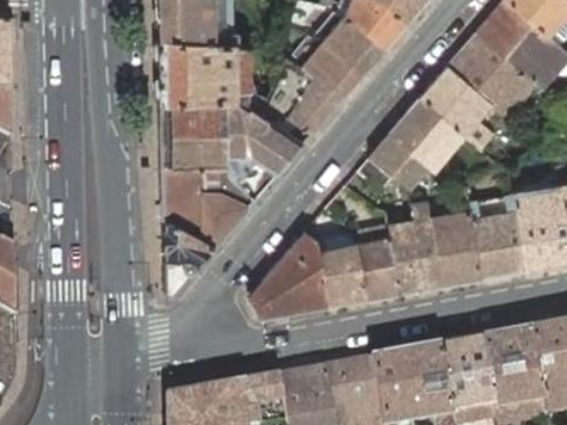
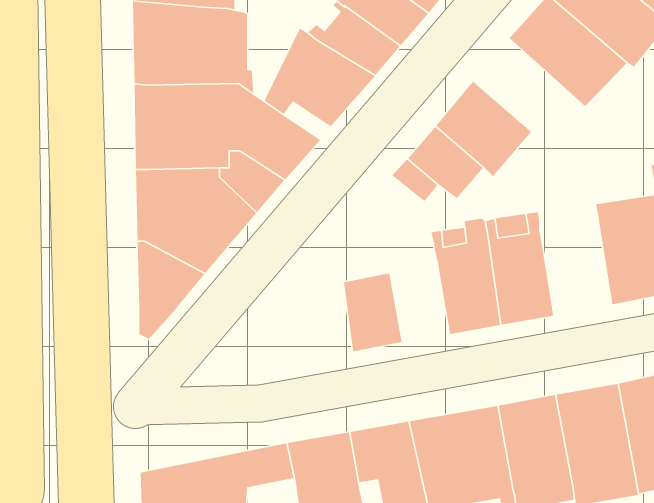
building: [421,63,497,148] -> none
building: [473,193,528,276] -> none
building: [251,229,329,315] -> none
building: [358,234,403,296] -> none

